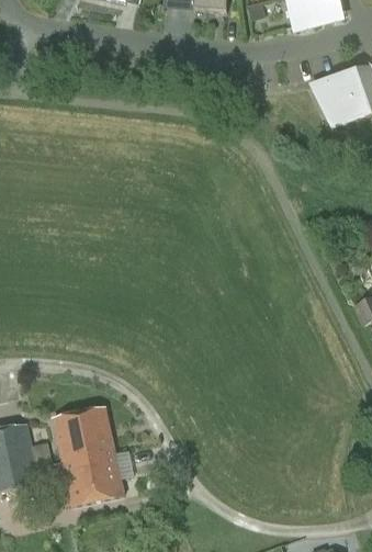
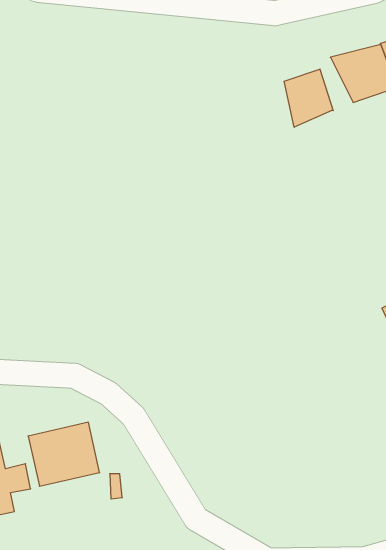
building: none -> [284,69,333,127]
building: [58,449,122,506] -> none

